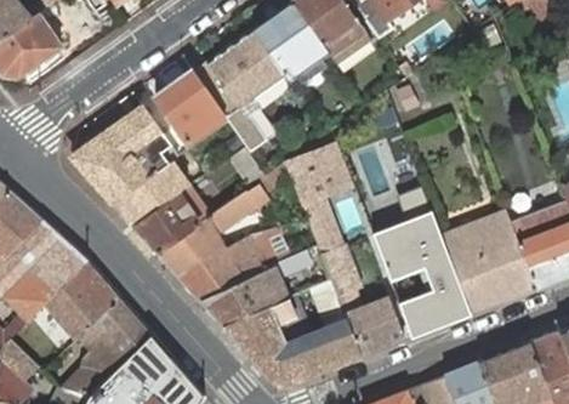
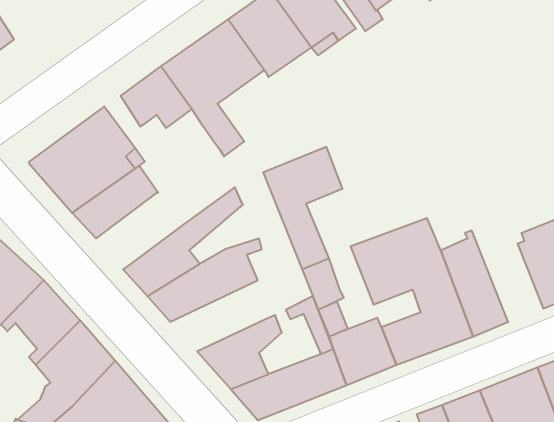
building: [133,184,210,254] -> none
building: [472,211,536,301] -> none
building: [200,261,289,328] -> none

